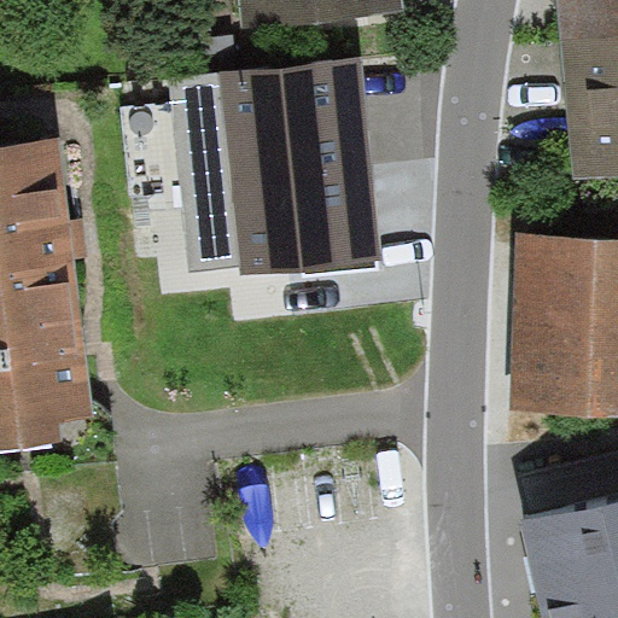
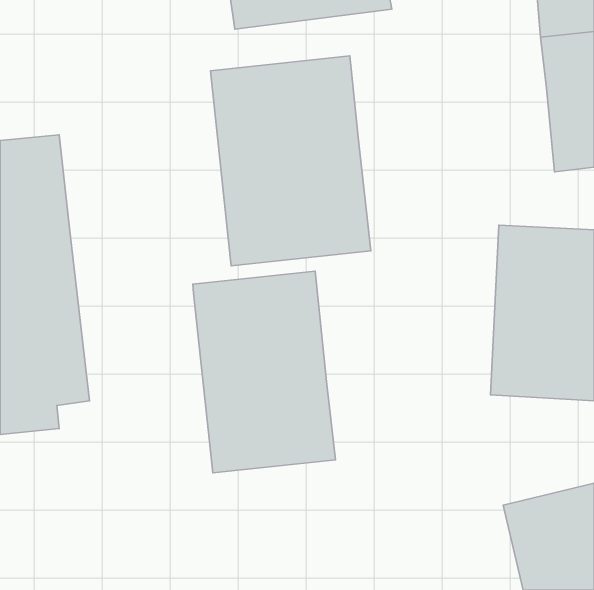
building: [169,74,239,272] -> none
building: none -> [193,271,335,473]

